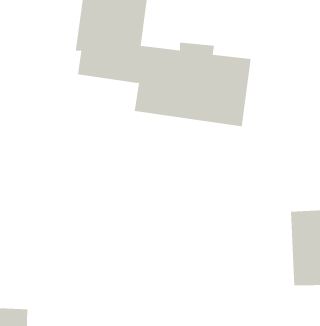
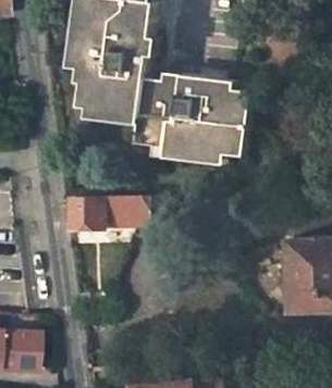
building: none -> [75,199,146,227]

